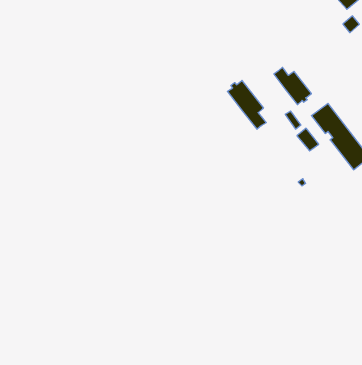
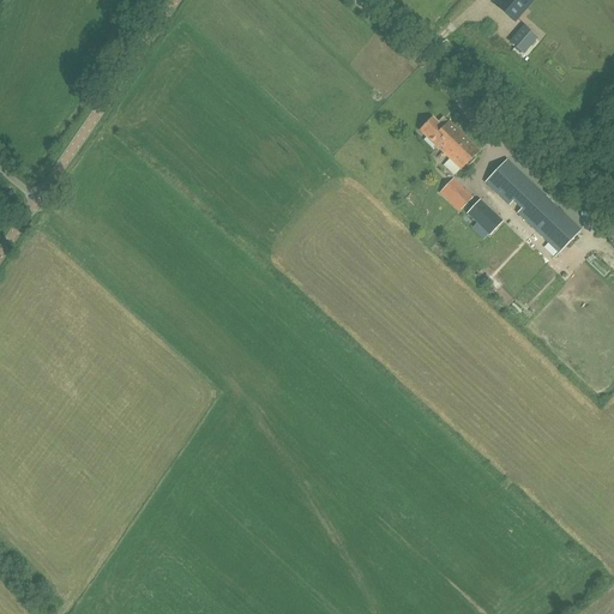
building: [227,80,266,129] -> none

